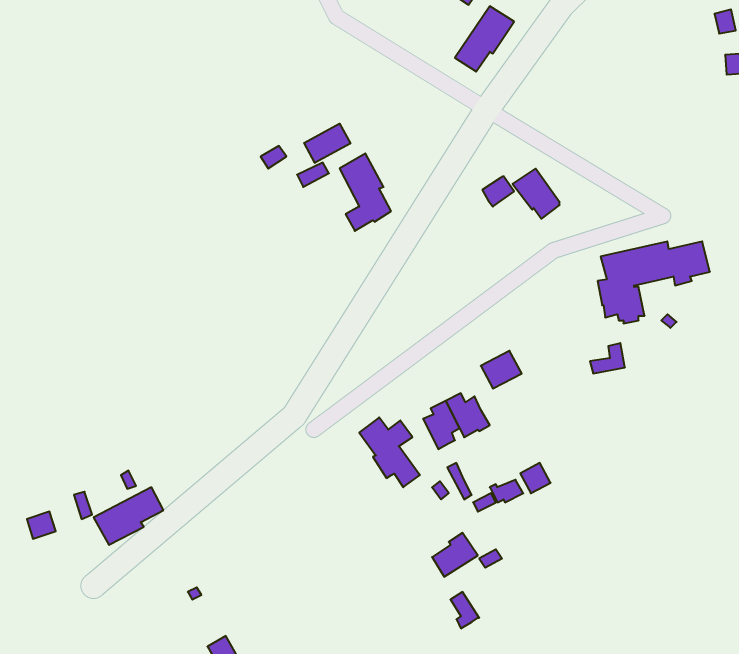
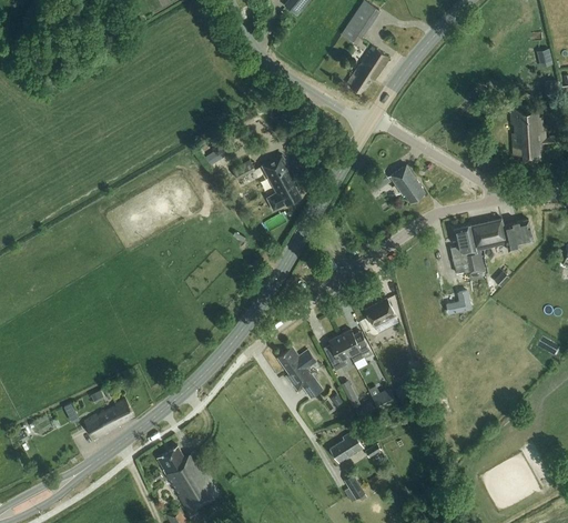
building: none -> [508,105,544,160]
building: [304,124,350,163] -> none
building: none -> [156,446,217,513]

